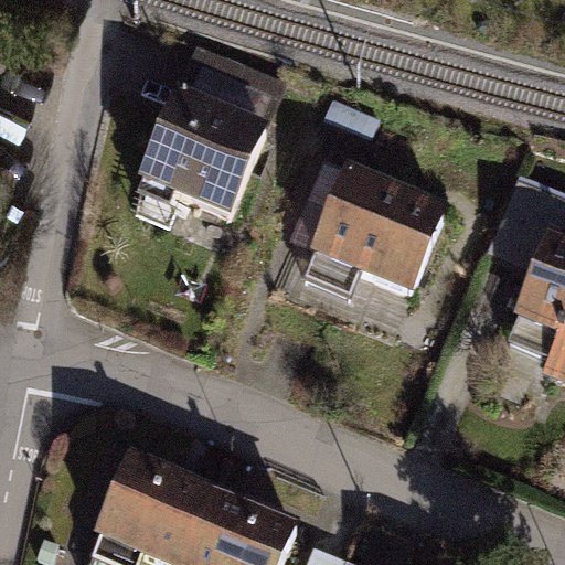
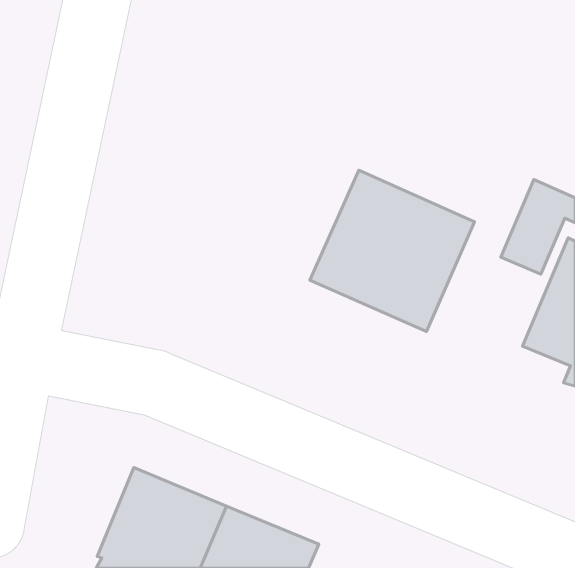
building: [131,40,282,241] -> none

